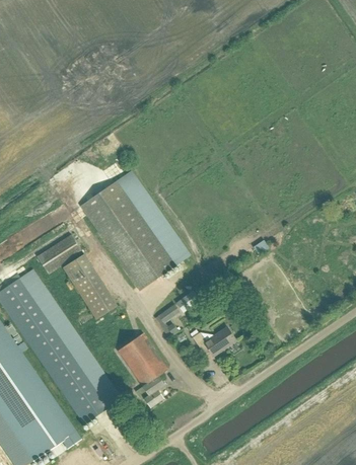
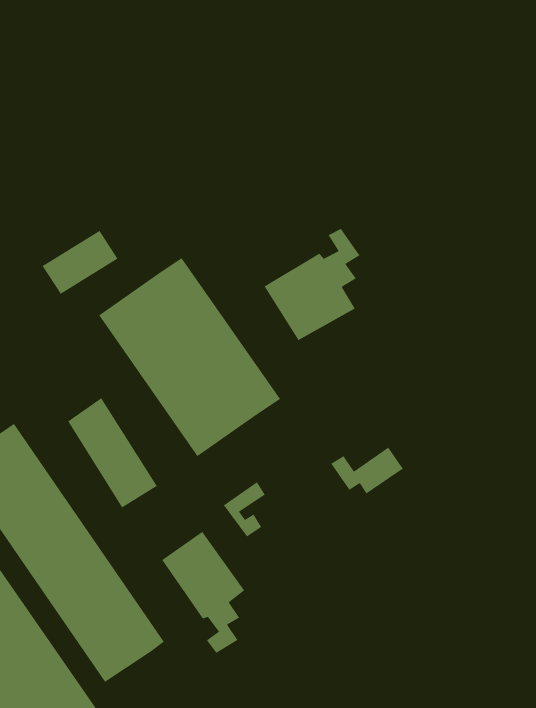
building: none -> [263,228,360,341]
building: [35,234,81,273] -> [42,230,119,295]
building: [191,326,234,355] -> [330,446,404,494]

